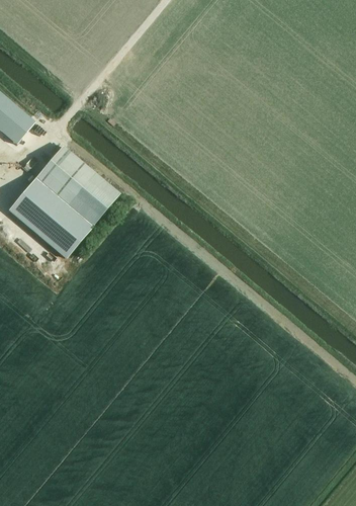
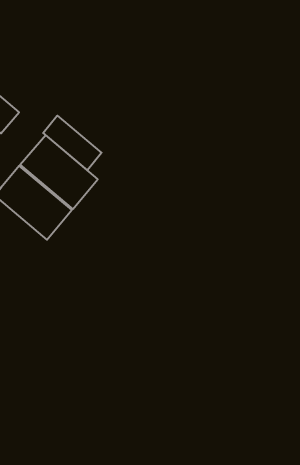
building: none -> [43,116,102,170]

